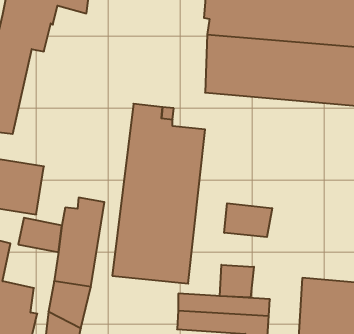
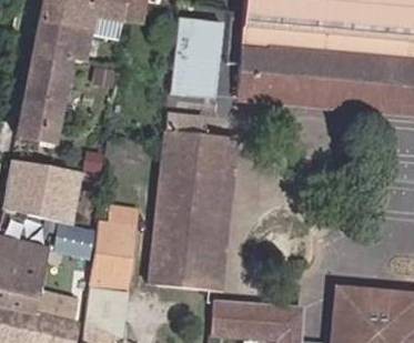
building: none -> [170,16,224,95]
building: [224,203,272,237] -> none
building: [220,265,254,298] -> none

